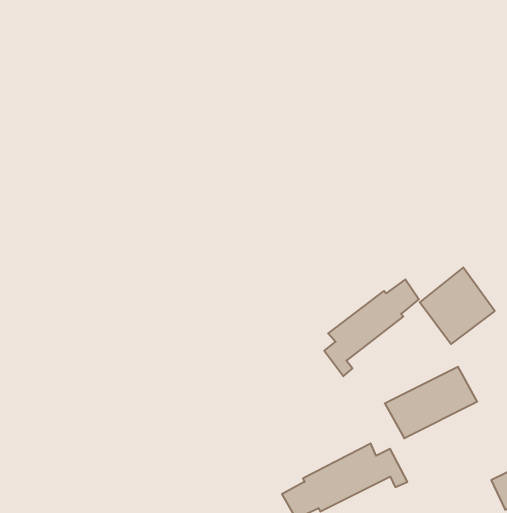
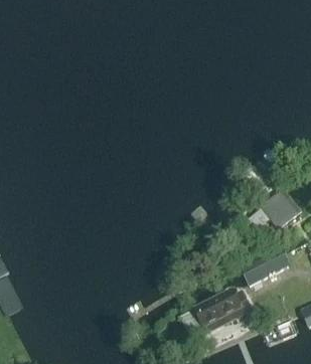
building: [324,279,419,376] -> none

